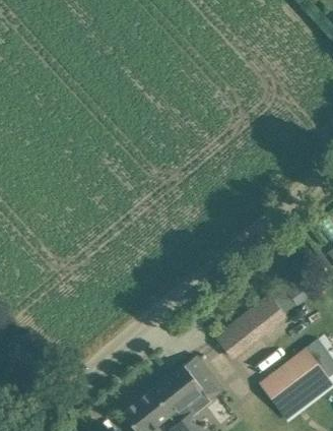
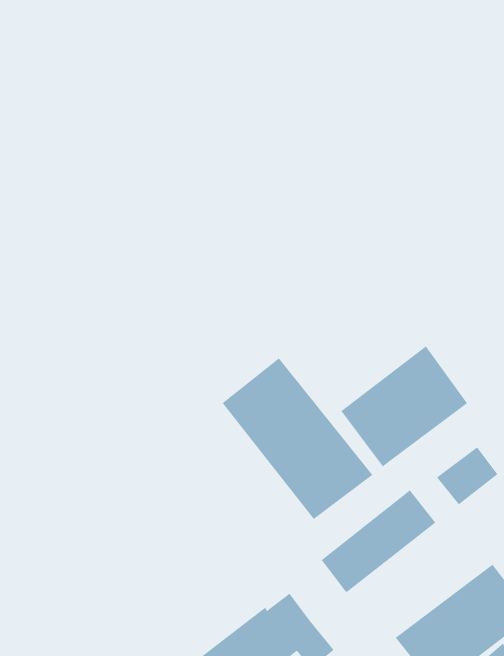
building: none -> [341,346,468,467]
building: none -> [222,358,373,520]

